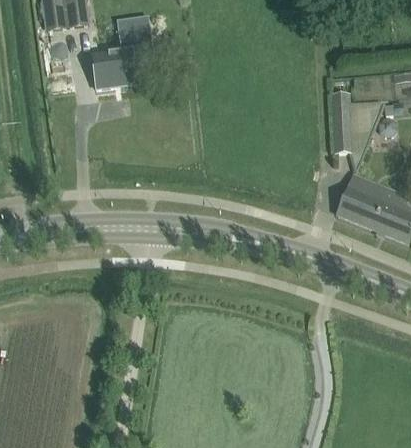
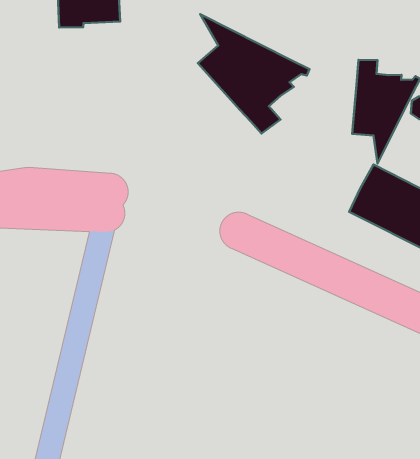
building: none -> [198,14,309,134]

